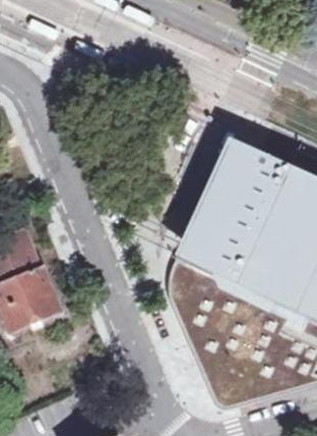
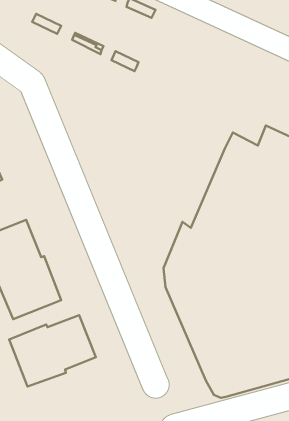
building: none -> [9,315,96,386]

